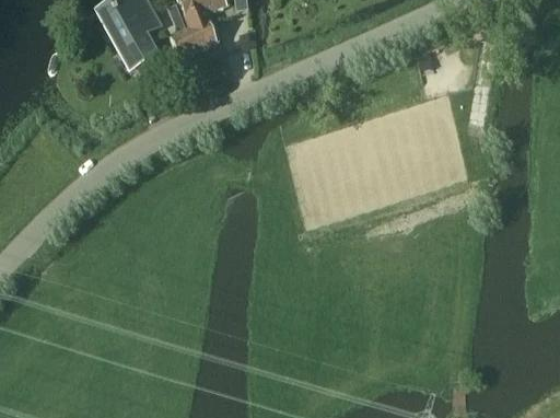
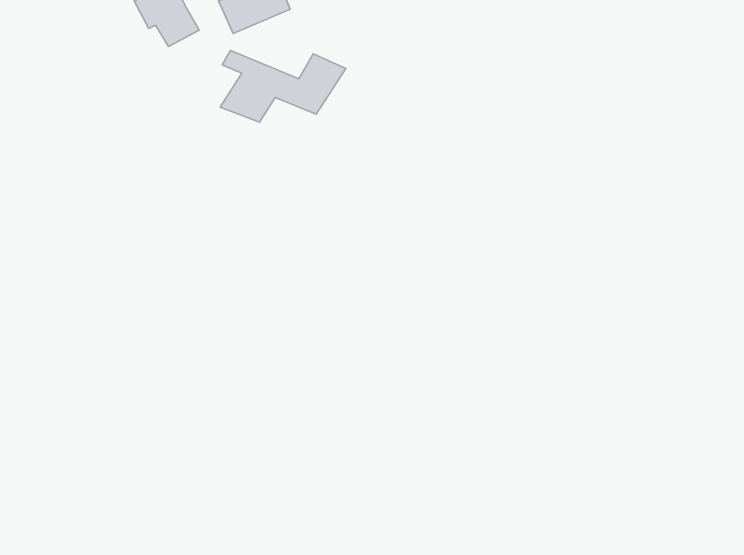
building: none -> [220,51,346,122]

